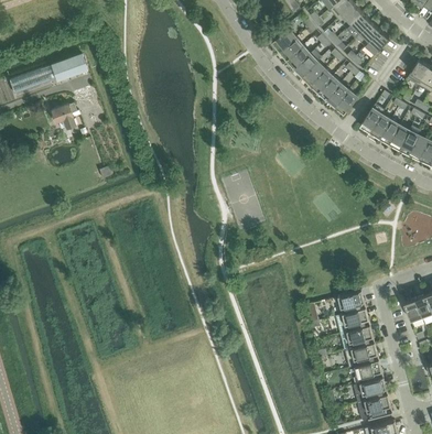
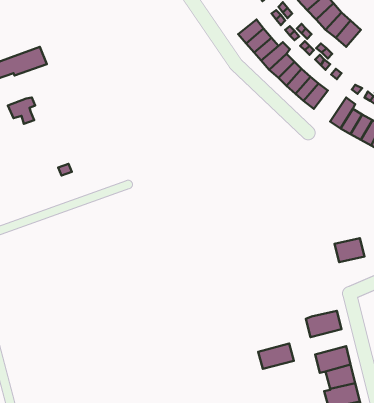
building: [338,291,367,314] -> [335,238,364,262]
building: [342,326,376,350] -> [258,344,294,369]

